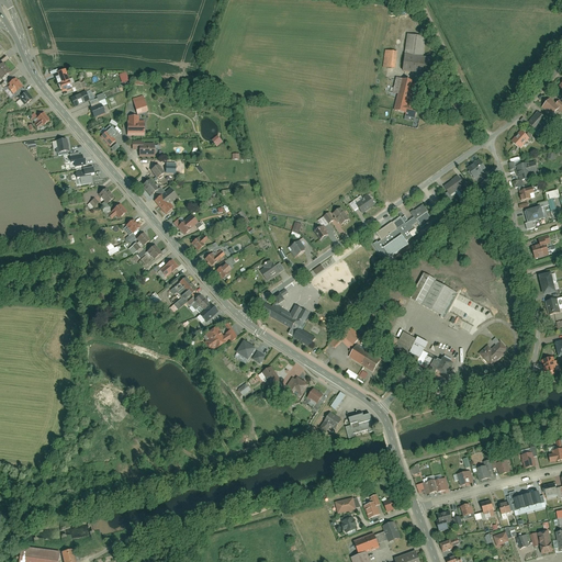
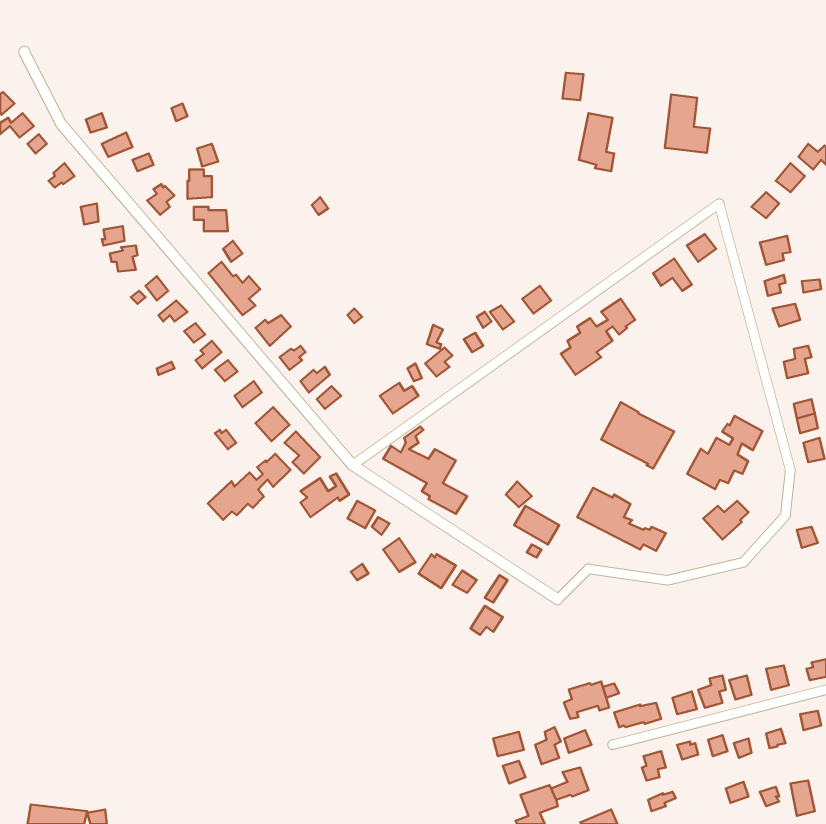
building: [404,34,435,74] -> [665,95,710,153]
building: none -> [687,416,763,489]
building: none -> [208,454,290,520]
building: [345,413,375,438] -> [564,682,609,719]

